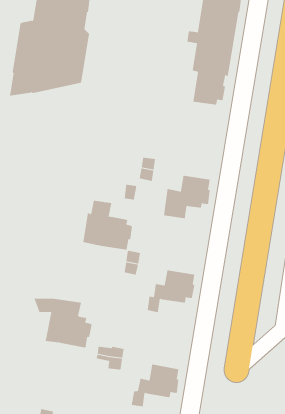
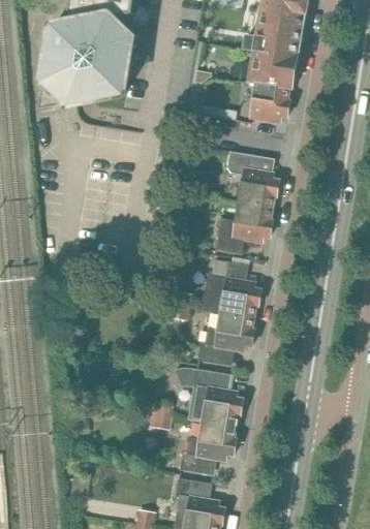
building: none -> [227,152,279,209]
building: [83,200,133,250] -> [203,260,260,318]
building: [33,298,92,348] -> [175,370,243,428]

